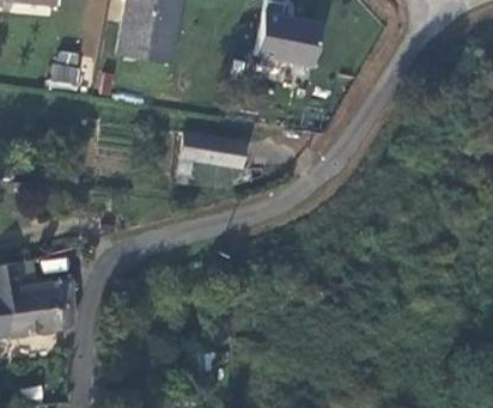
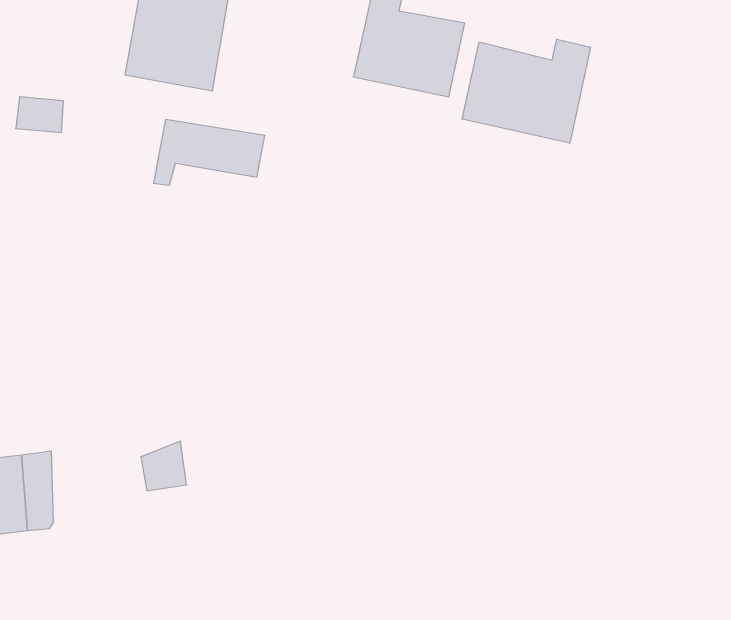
building: none -> [462,39,590,143]
building: [178,133,245,172] -> [154,119,265,185]

